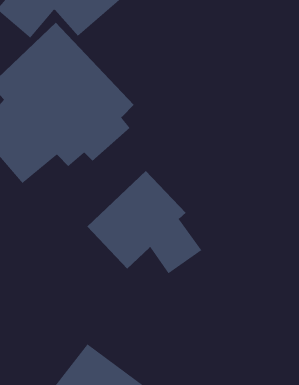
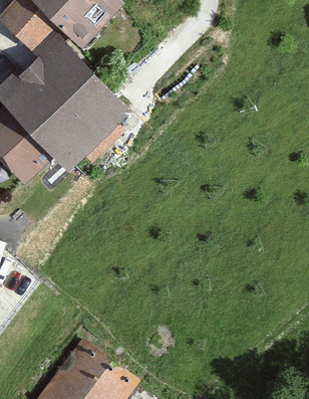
building: [86,170,202,274] -> none

